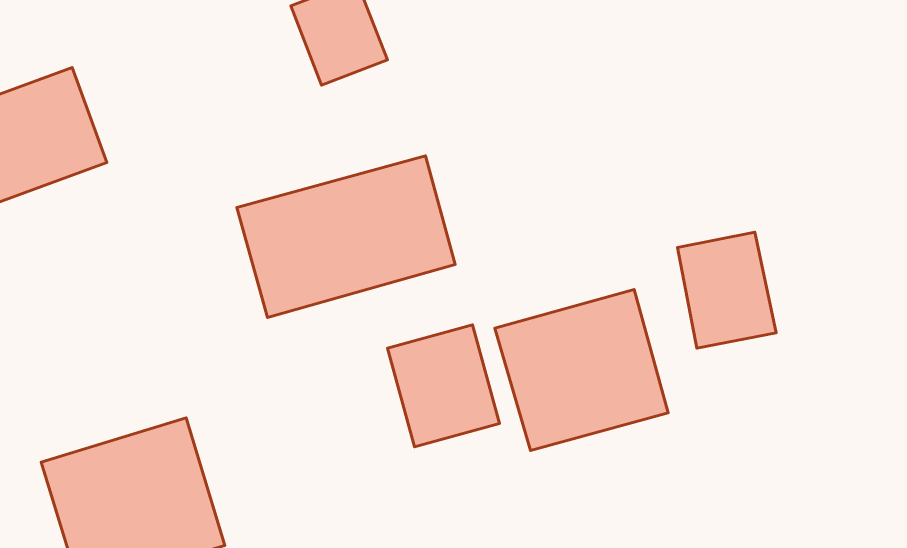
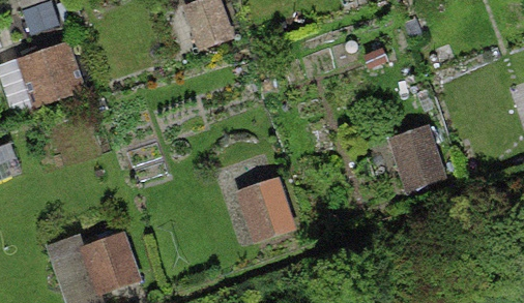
building: [237,156,455,318] -> none
building: [495,289,668,450] -> none

